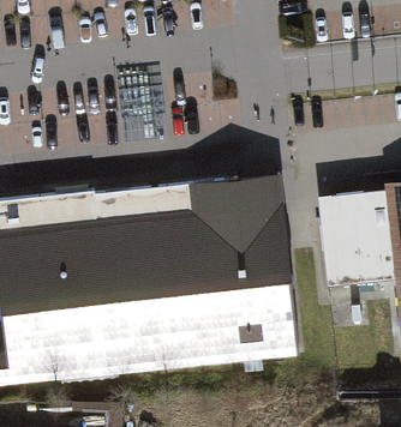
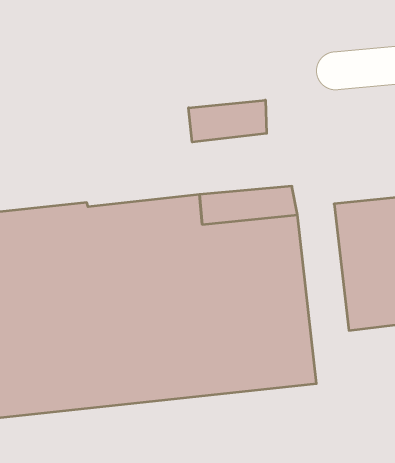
building: none -> [189,100,267,142]

